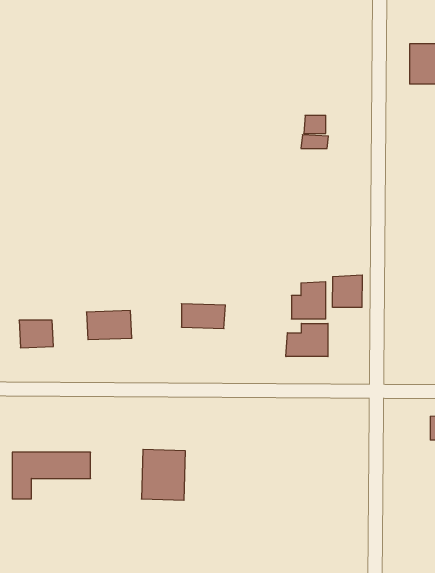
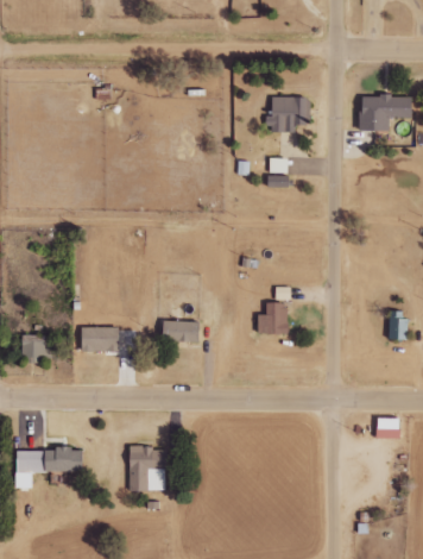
building: none -> [266,96,308,132]
building: [333,275,362,307] -> none
building: [286,323,328,357] -> none

